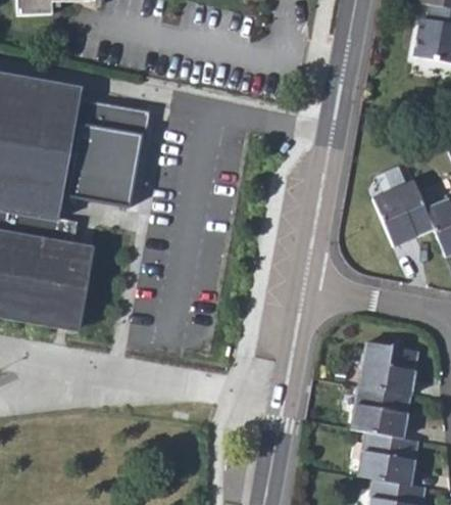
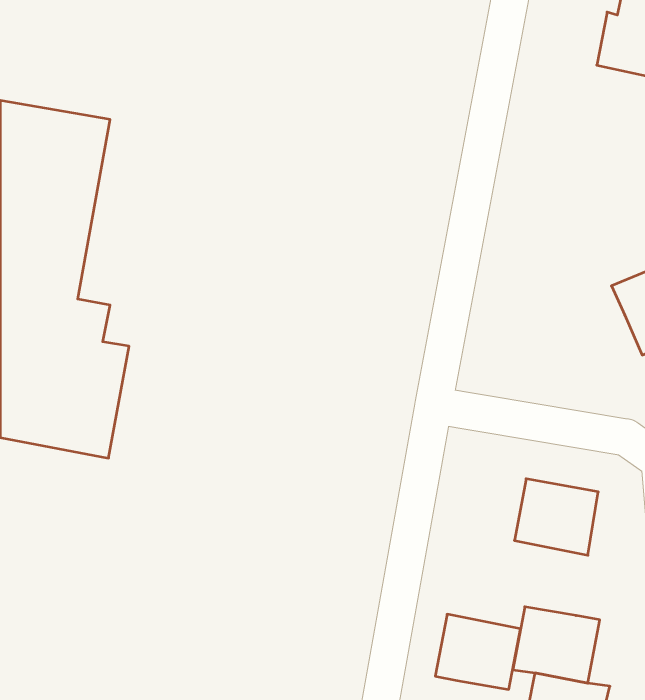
building: [66,92,147,208] -> none
building: [372,181,434,245] -> none
building: [349,385,408,438] -> [435,614,521,689]

